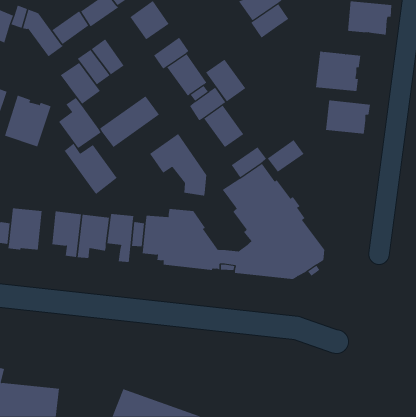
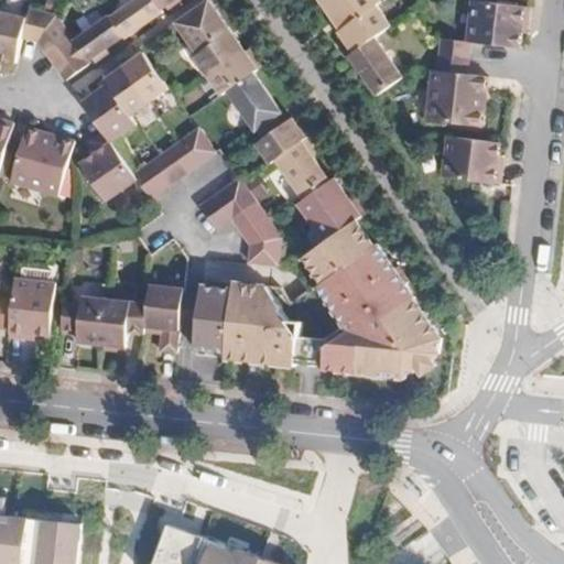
building: none -> [193,32,241,75]
building: none -> [435,39,468,73]
building: [205,59,246,102] -> [347,36,402,95]
building: [267,139,305,173] -> [296,177,347,223]
building: [64,143,118,195] -> none

